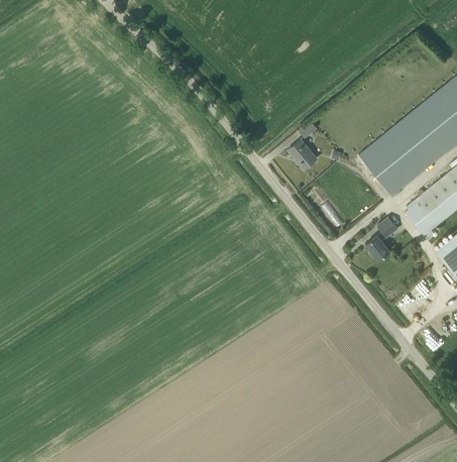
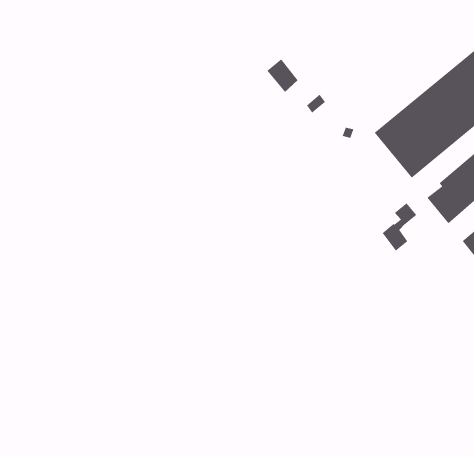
building: [289,139,317,169] -> [267,58,299,93]

